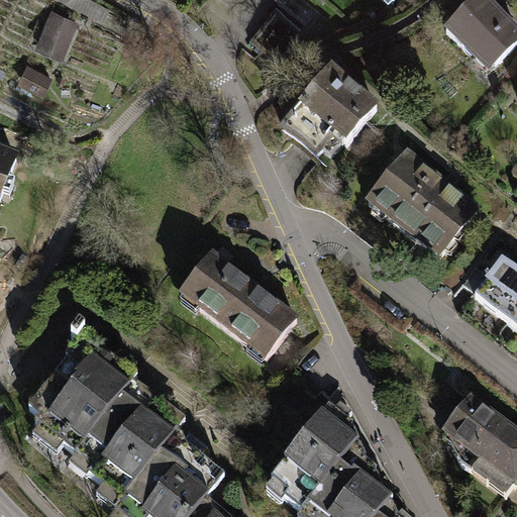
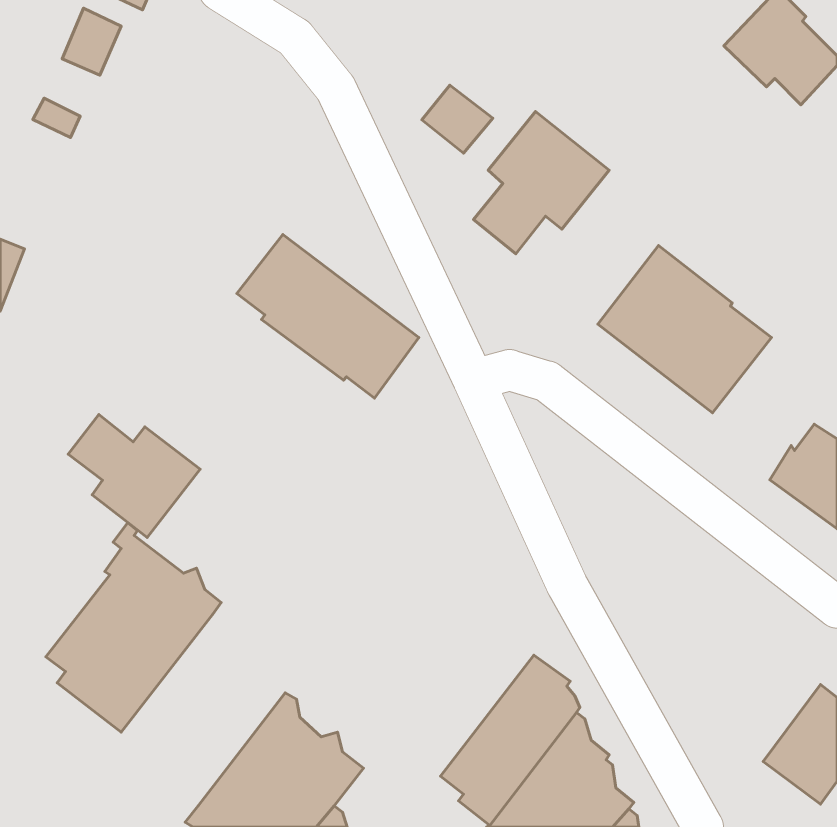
building: none -> [422,85,493,153]
building: [183,252,295,353] -> [237,234,419,398]
building: none -> [68,415,200,537]
building: [75,379,179,497] -> none
building: [443,395,506,470] -> none

